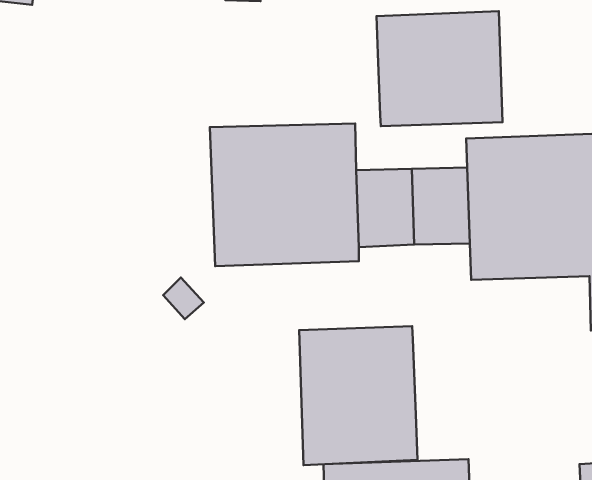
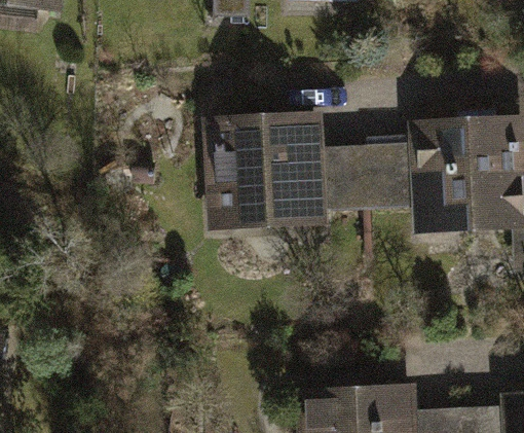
building: [376,11,503,126] -> none
building: [299,326,418,465] -> none

